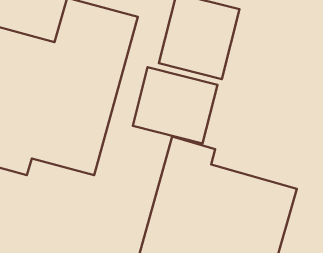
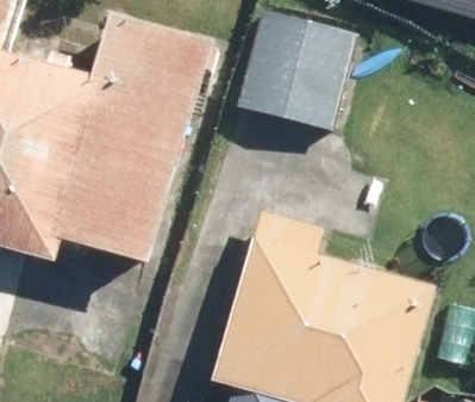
building: [133,67,217,144] -> none

